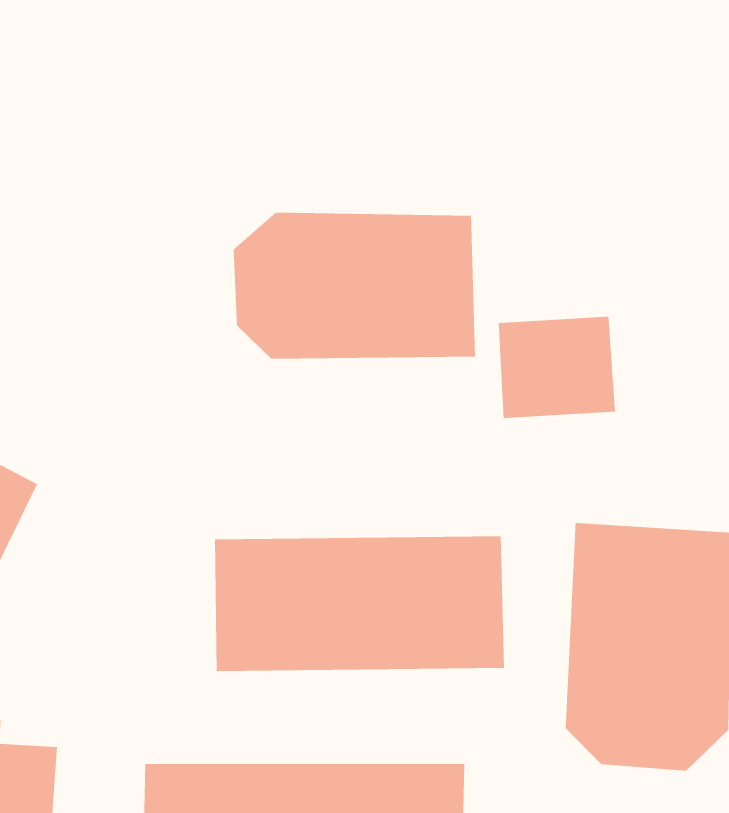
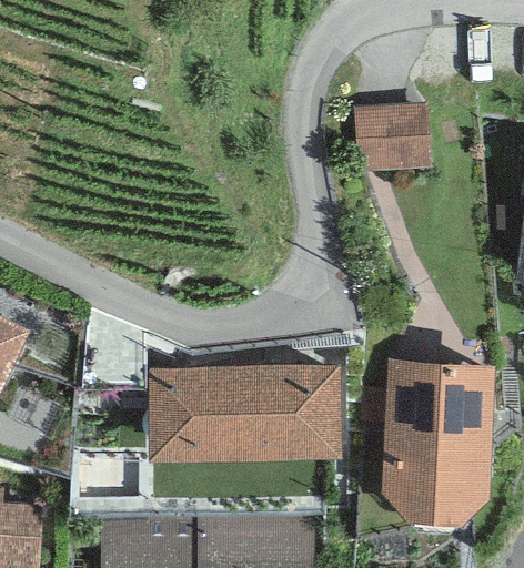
building: [233,212,476,360] -> none
building: [498,316,616,419] -> [355,105,434,174]

